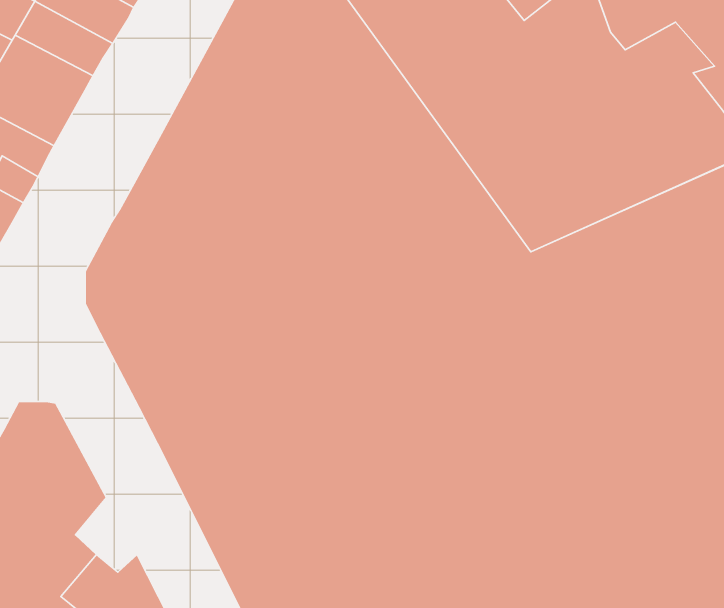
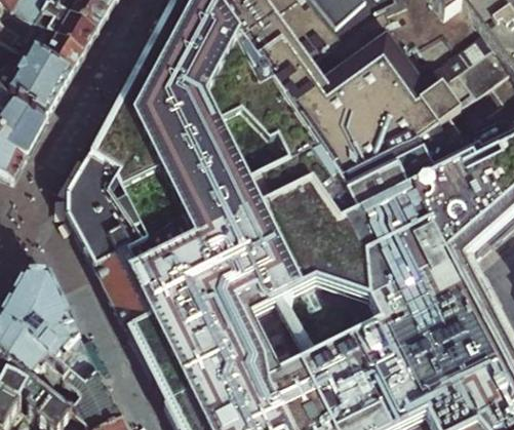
building: none -> [62,340,101,387]

